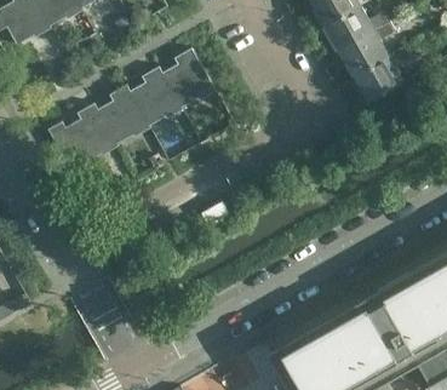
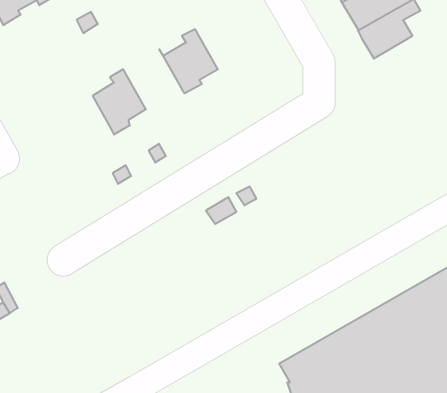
building: [353,47,408,102] -> none
building: [125,68,178,126] -> none
building: [47,104,114,164] -> none

